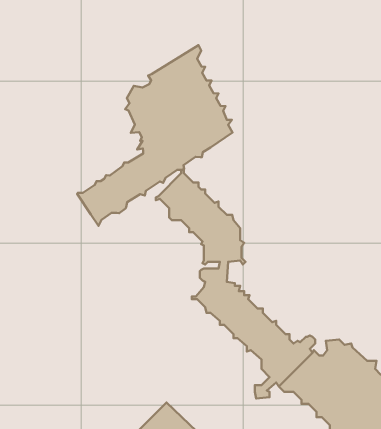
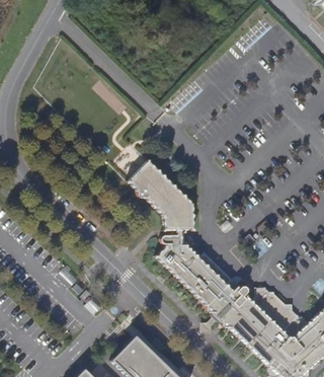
building: [77,45,232,226] -> none

